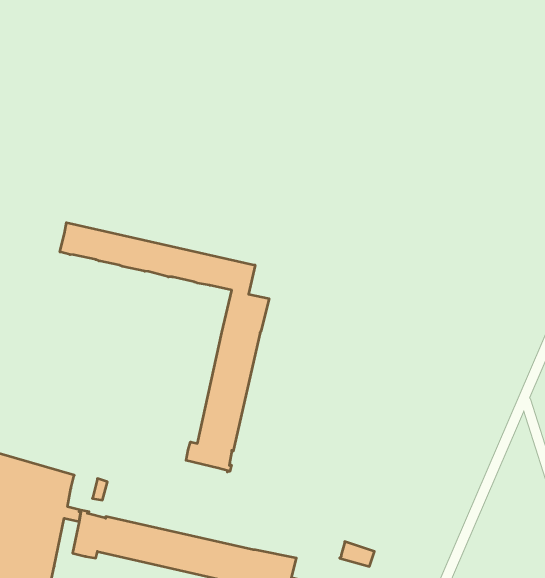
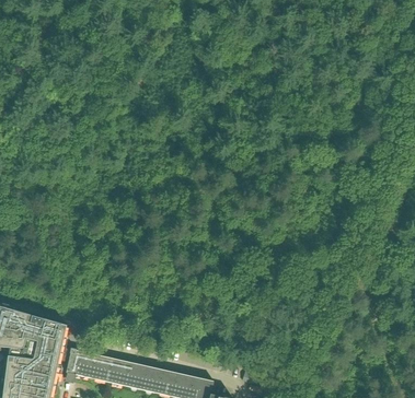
building: [60,223,269,472] -> none

